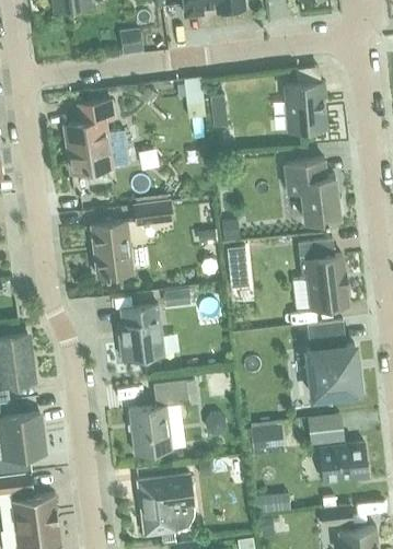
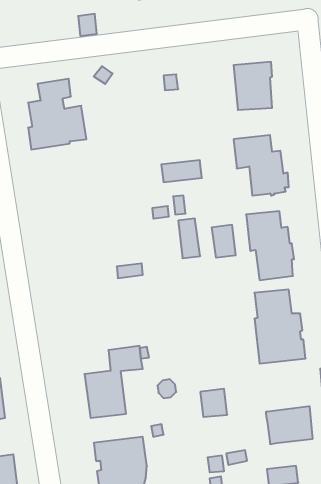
building: [129,203,172,226] -> [161,160,202,182]
building: [91,221,132,278] -> none
building: none -> [212,225,236,258]
building: [118,305,163,360] -> none
building: [308,413,343,444] -> none

